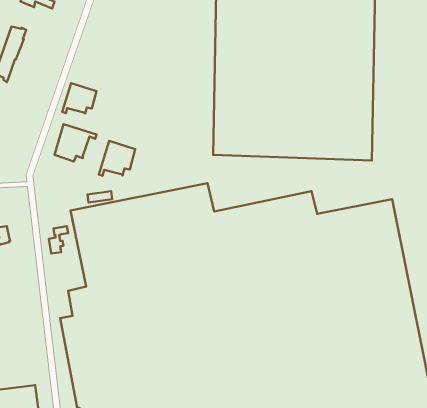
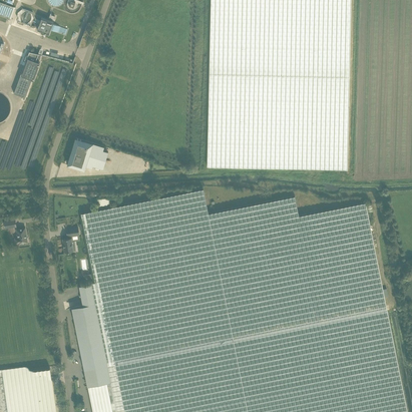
building: [62,83,97,114] -> none
building: [99,141,135,176] -> none

